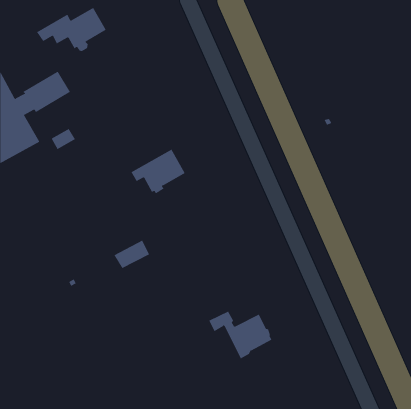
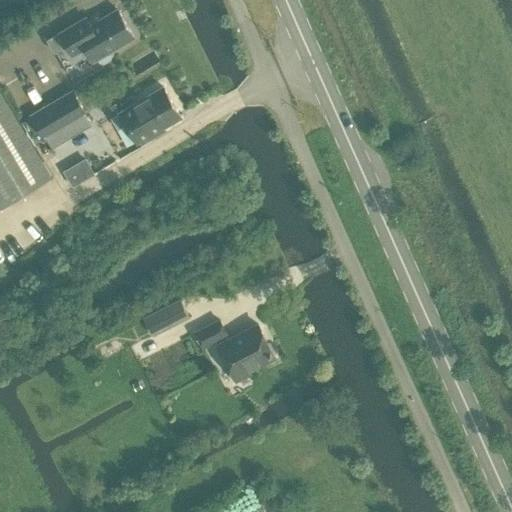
building: [131,149,185,194] -> [109,90,177,146]
building: [208,311,272,359] -> [194,325,273,385]

